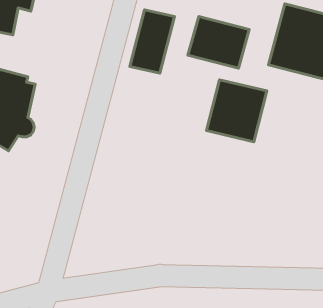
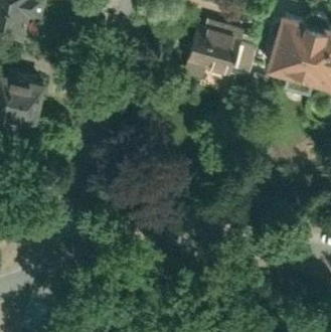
building: [130,10,174,73] -> none
building: [206,80,267,142] -> none

